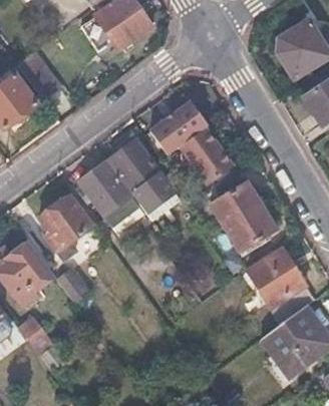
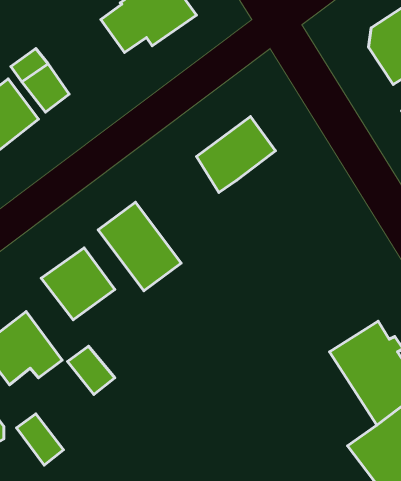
building: [181,127,234,185] -> none
building: [111,134,176,212] -> none
building: [210,182,275,253] -> none

